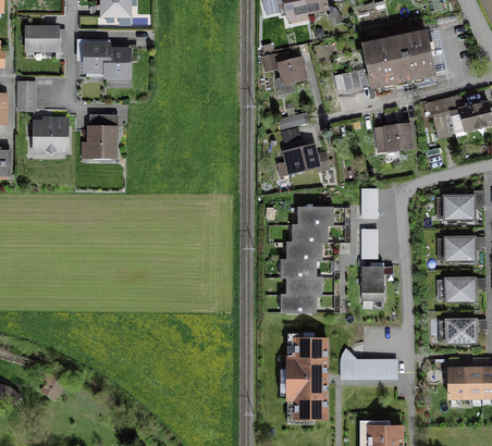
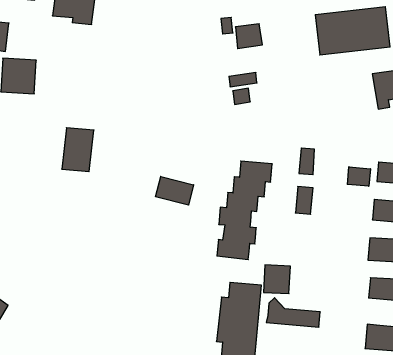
building: [332,67,366,89] -> none
building: [87,116,118,161] -> [62,128,94,172]
building: [371,122,409,150] -> none
building: [282,146,322,179] -> none
building: none -> [347,167,370,186]
building: none -> [156,176,194,205]
building: [359,263,388,294] -> [264,265,290,294]

